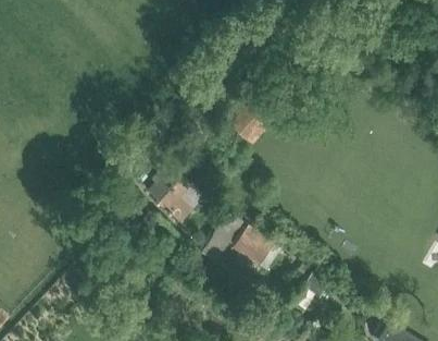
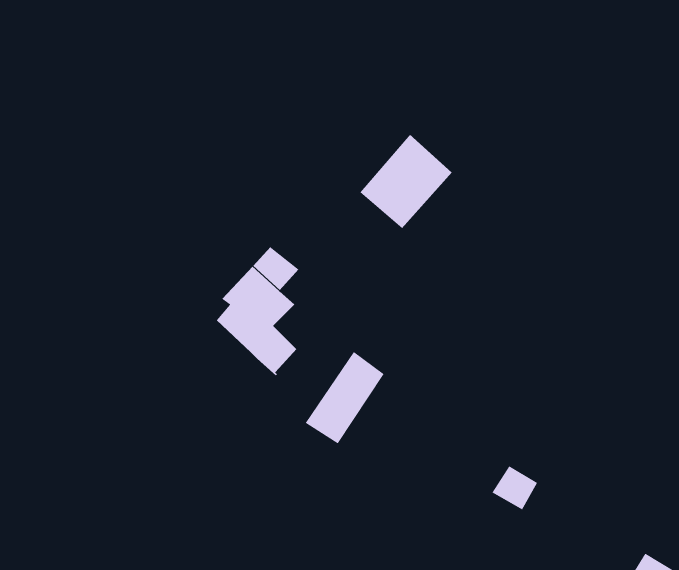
building: [234,231,271,268] -> none

